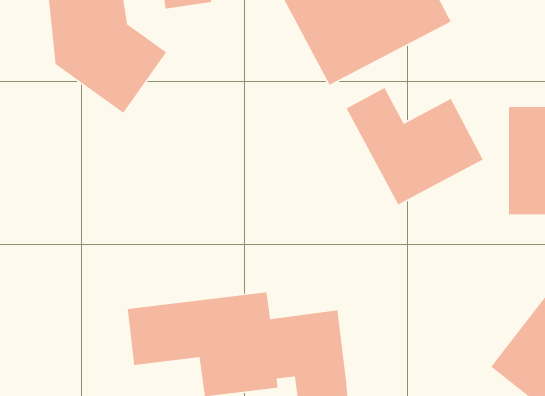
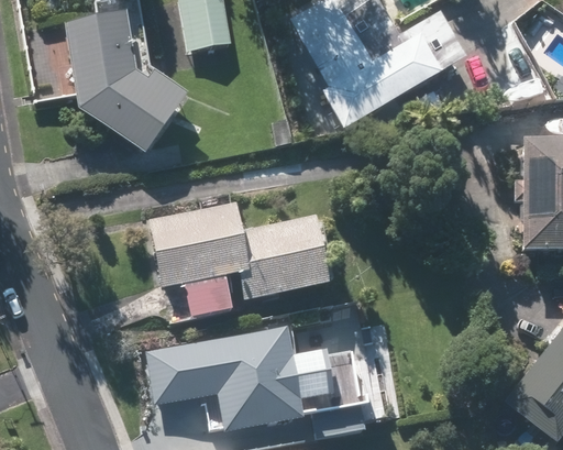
building: [346,87,484,205] -> none
building: none -> [147,202,329,319]

